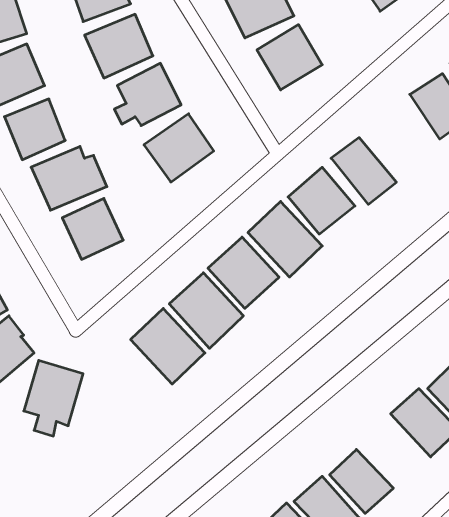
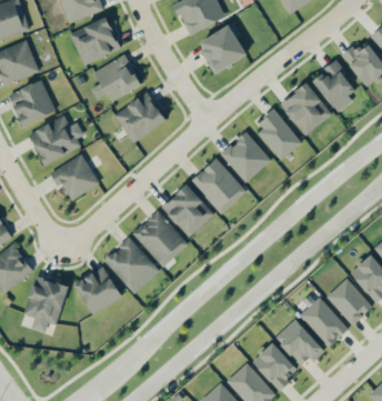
building: none -> [279,81,332,134]
building: none -> [73,265,122,314]
building: none -> [274,318,323,368]

